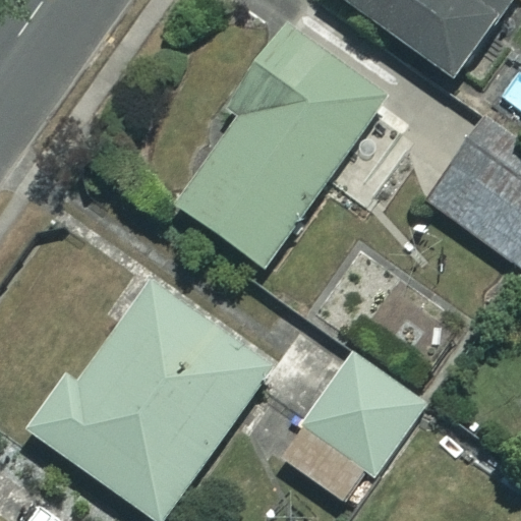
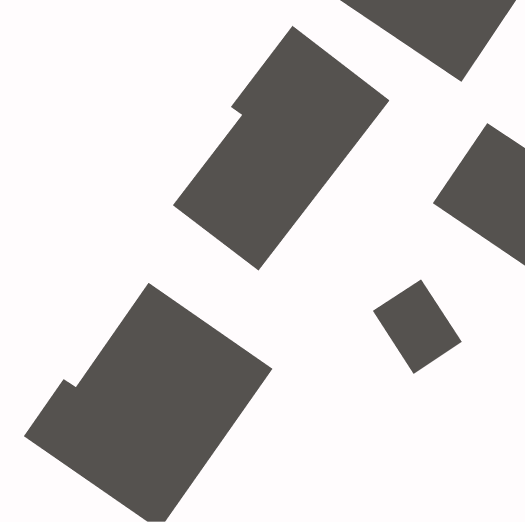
building: [282,353,423,504] -> none

